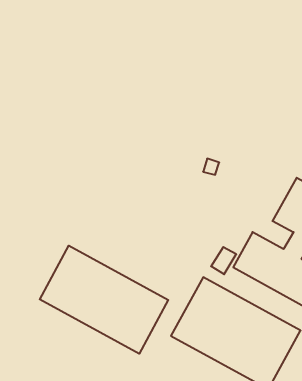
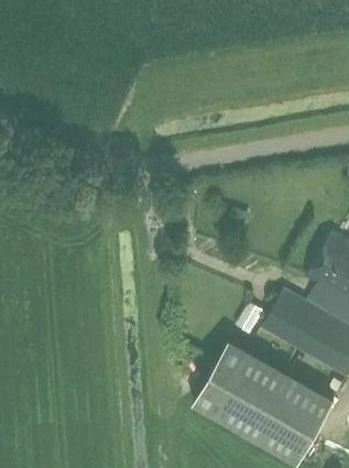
building: [40,246,168,354] -> none

